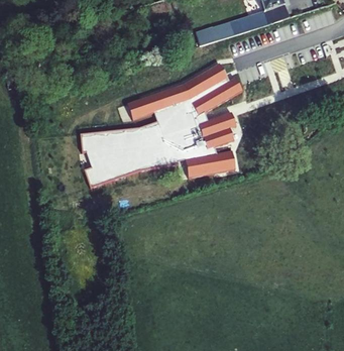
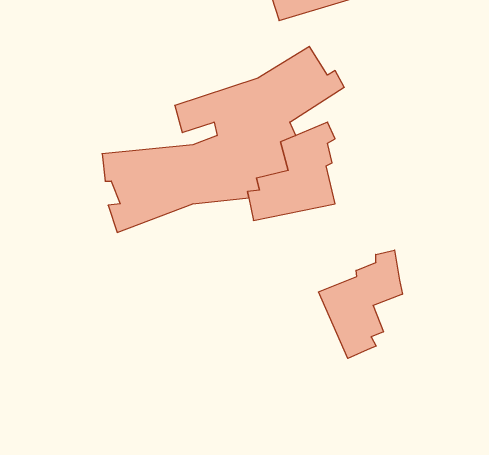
building: none -> [319,250,402,358]

